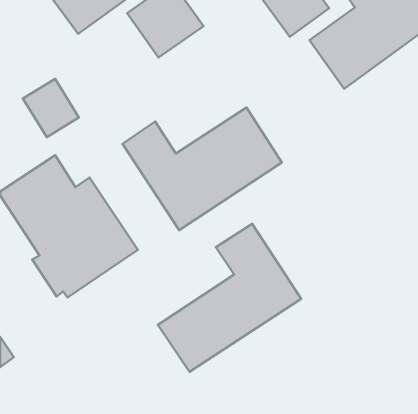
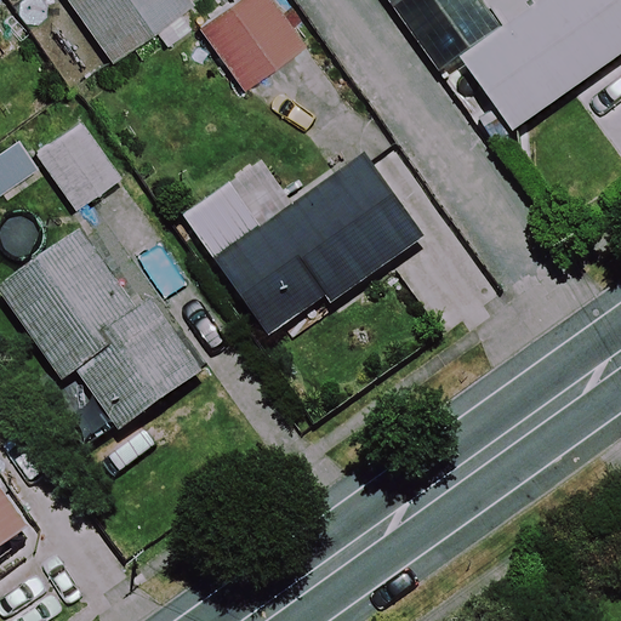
building: [158,224,301,372] -> none

